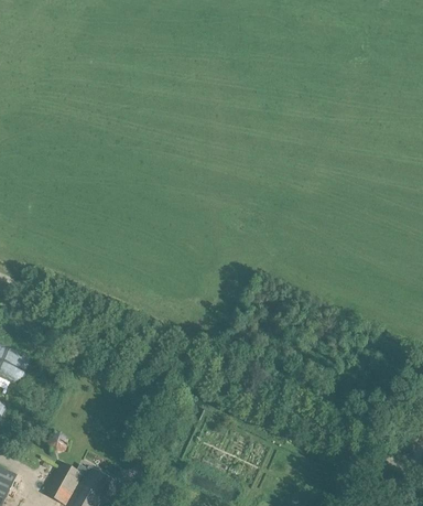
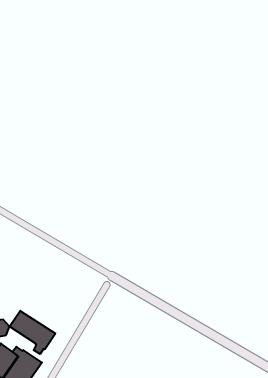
building: none -> [10,311,55,354]

